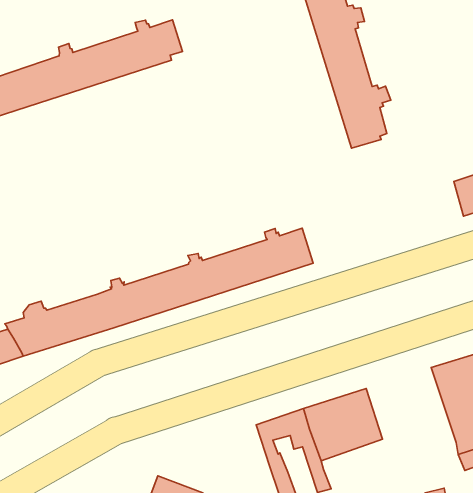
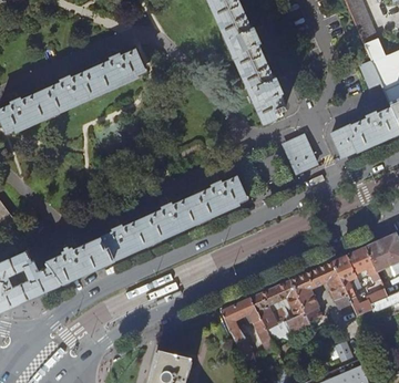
building: none -> [284,135,317,174]
building: none -> [266,260,354,335]

